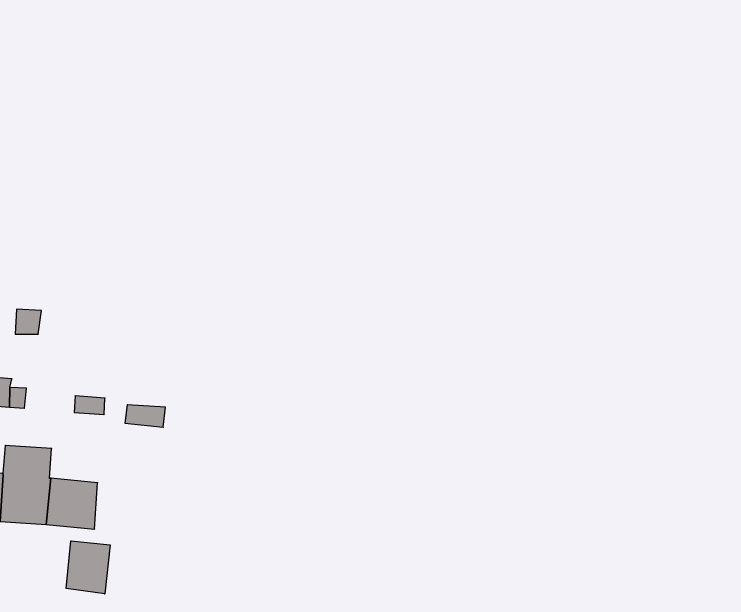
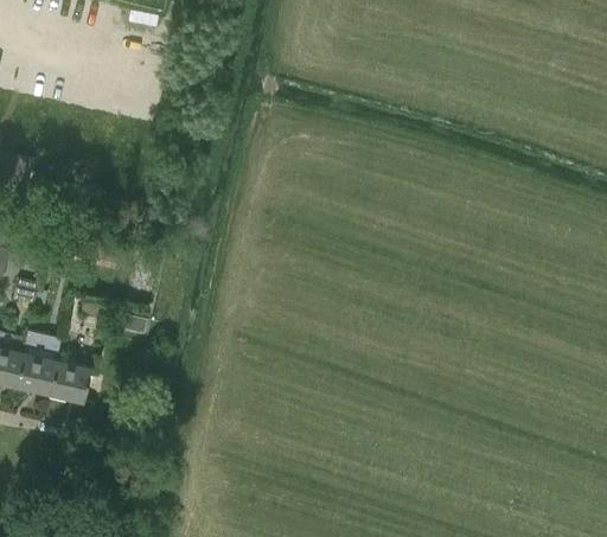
building: [66,541,110,594] -> none

